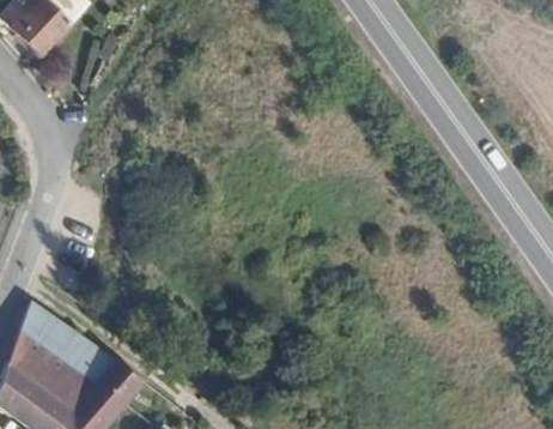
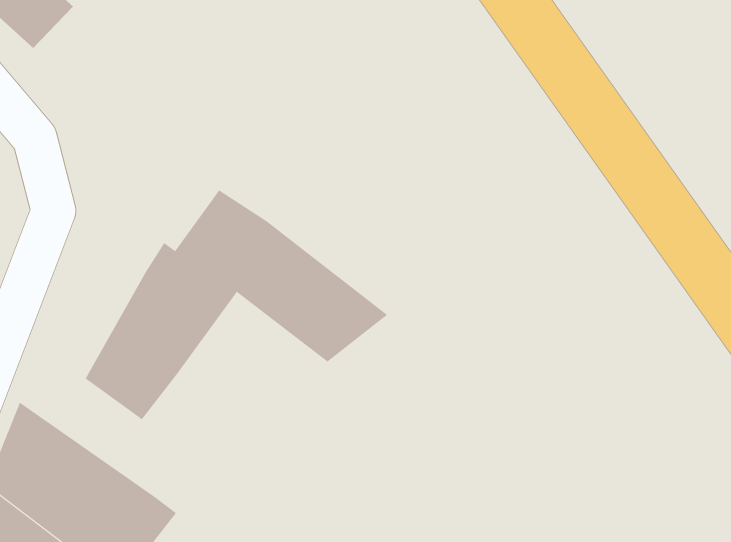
building: none -> [85,190,388,420]

